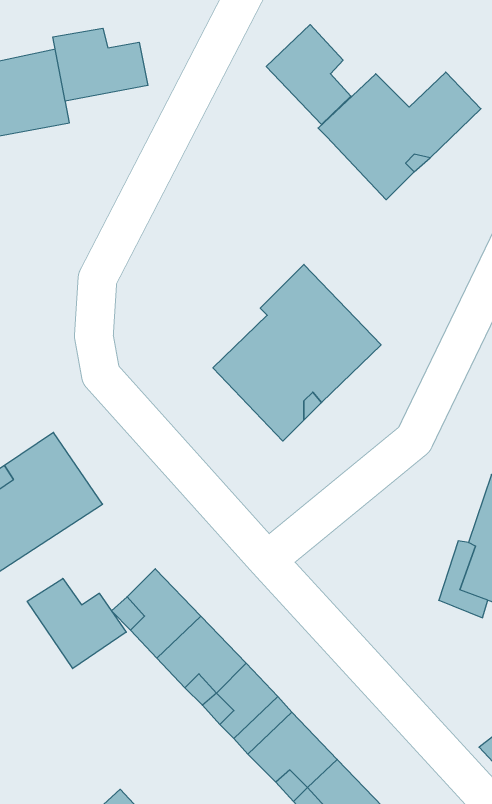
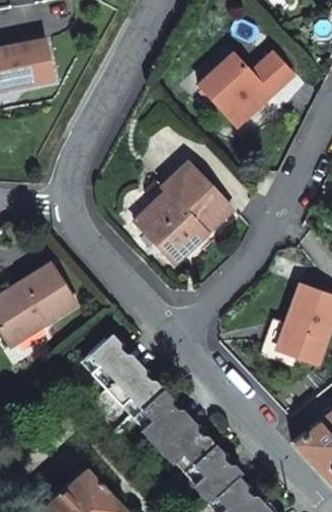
building: [266,25,351,125] -> none
building: [53,28,148,101] -> none
building: [27,578,126,669] -> none

